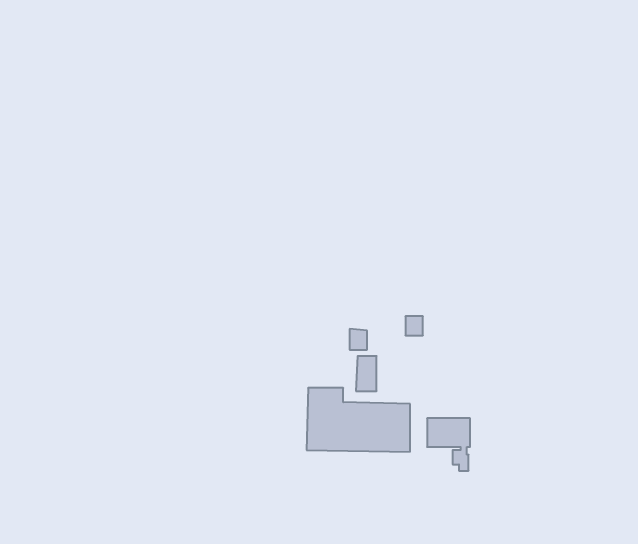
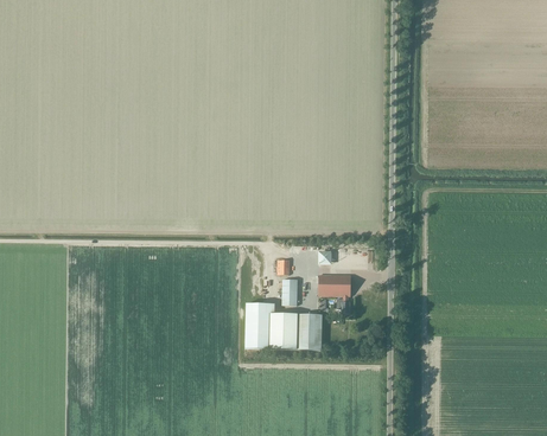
building: [427,418,470,471] -> [318,274,350,313]

